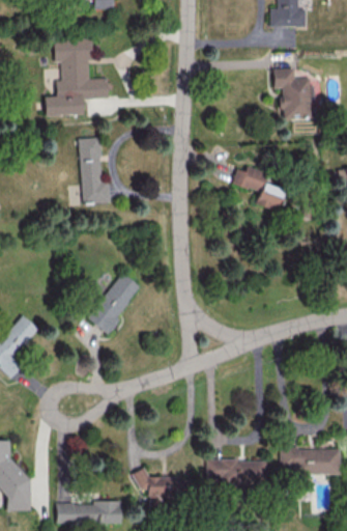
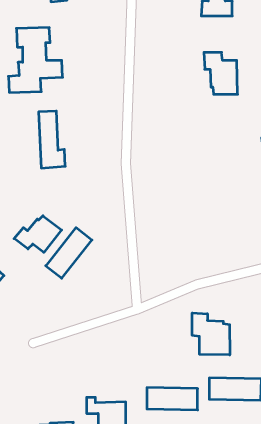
building: [232,166,285,212] -> none
building: none -> [14,216,62,252]
building: none -> [192,313,230,355]

